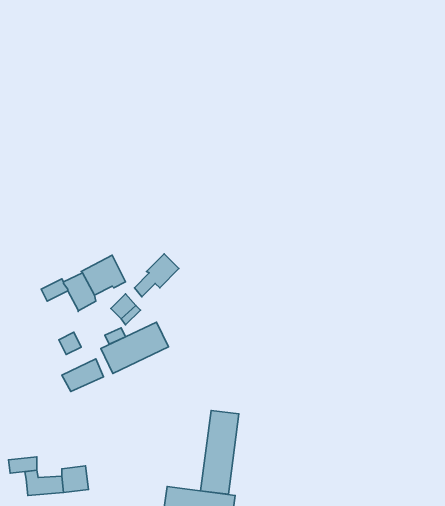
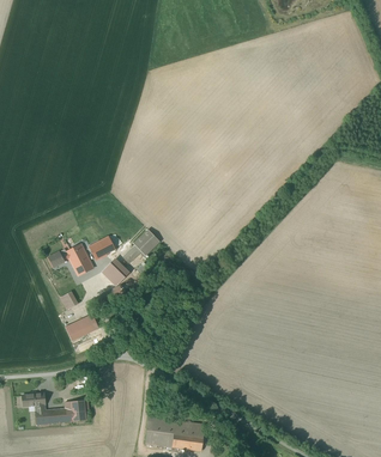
building: [101,322,168,374] -> none
building: [201,411,239,494] -> none

